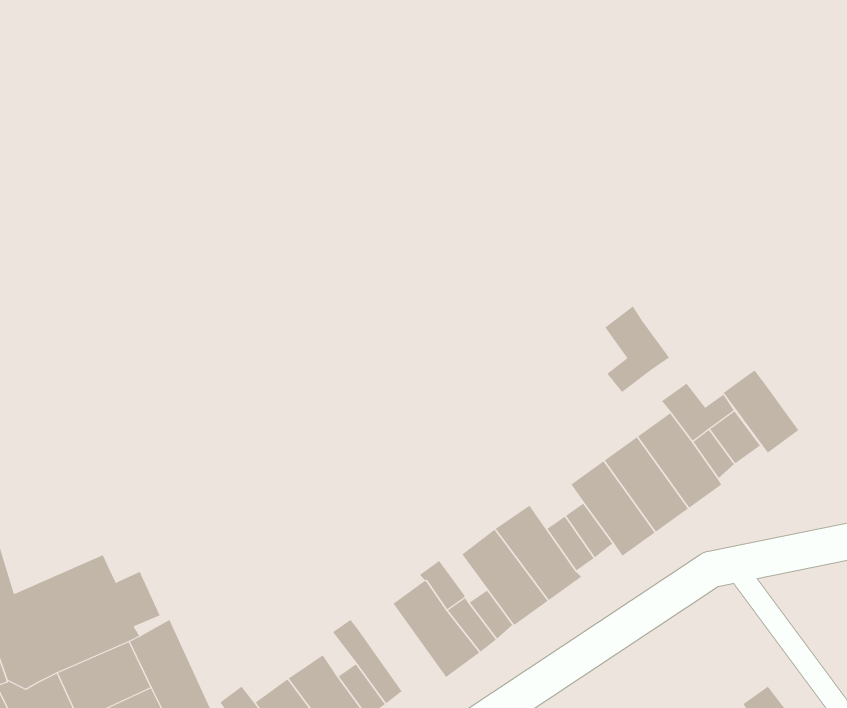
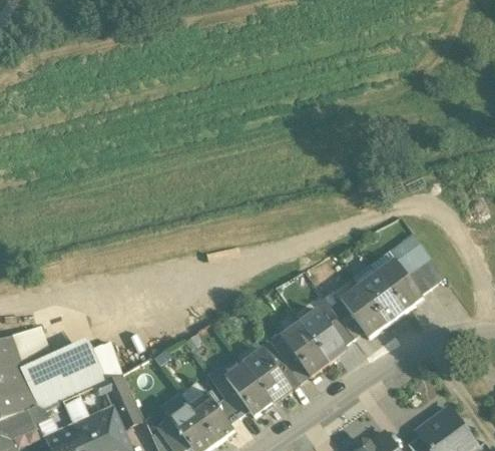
building: [604,306,670,393] -> none
building: [723,370,799,454] -> none
building: none -> [223,364,271,416]

